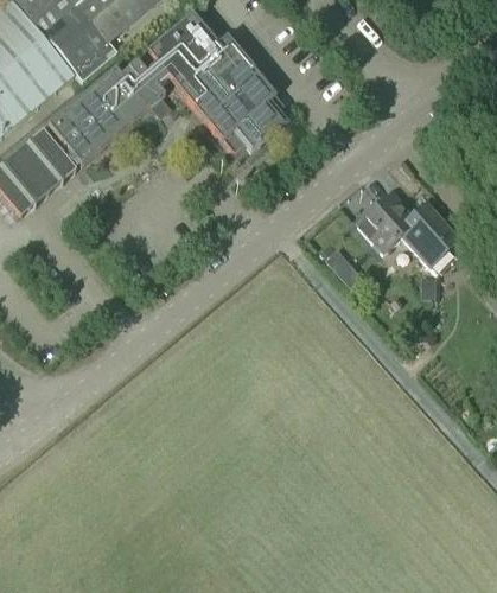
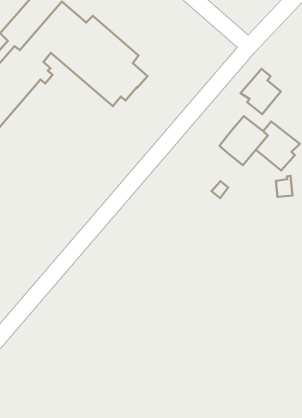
building: none -> [240,69,281,114]

